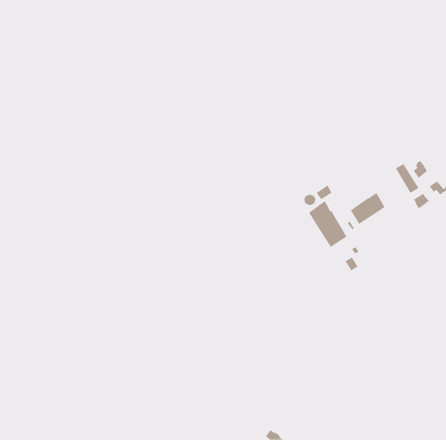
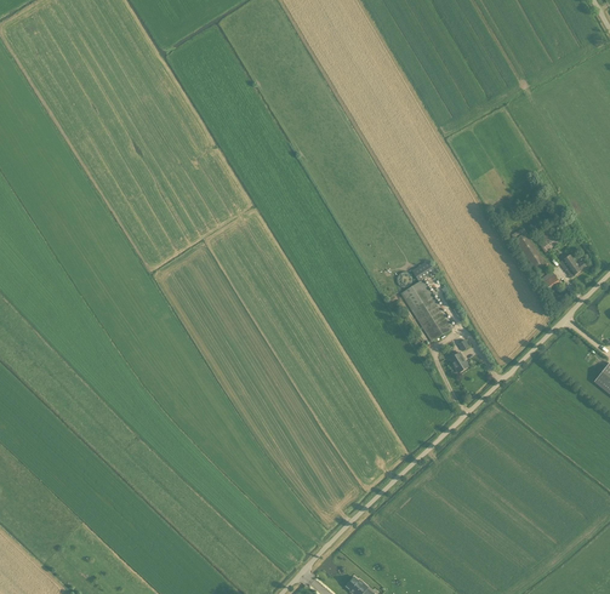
building: [350,192,385,225] -> none

